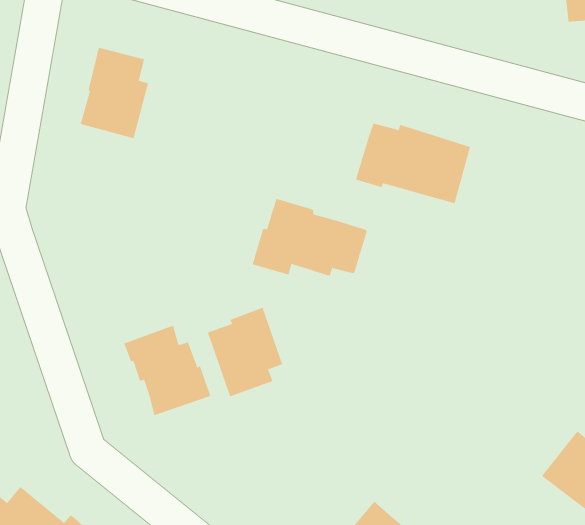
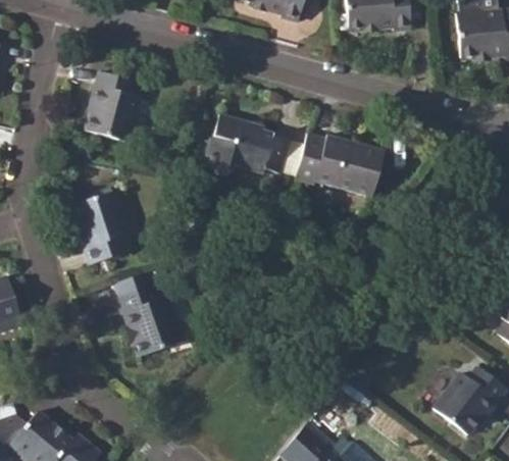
building: none -> [73,190,136,266]
building: [252,198,367,276] -> [201,115,290,175]
building: [207,307,283,397] -> none

